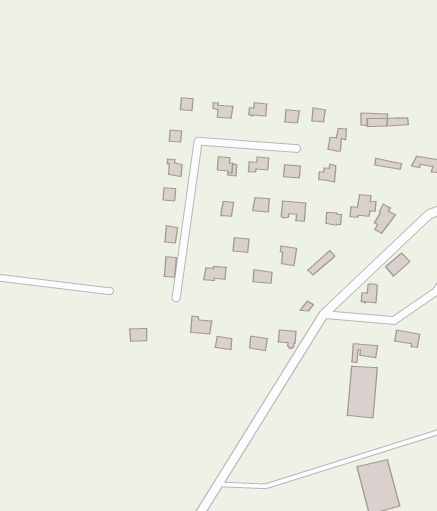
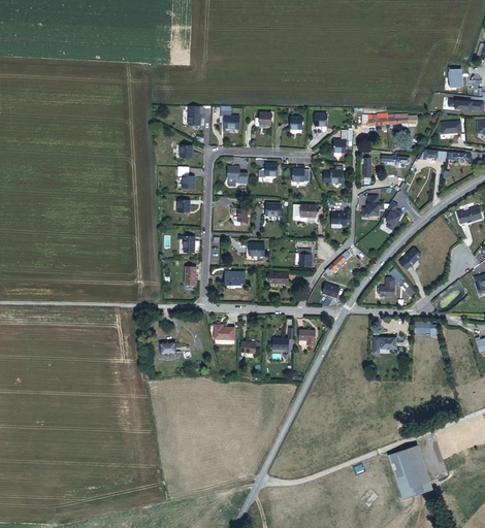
building: [347,366,377,418] -> none

